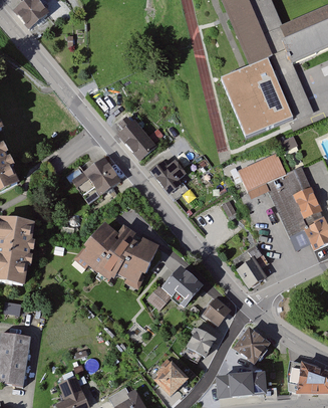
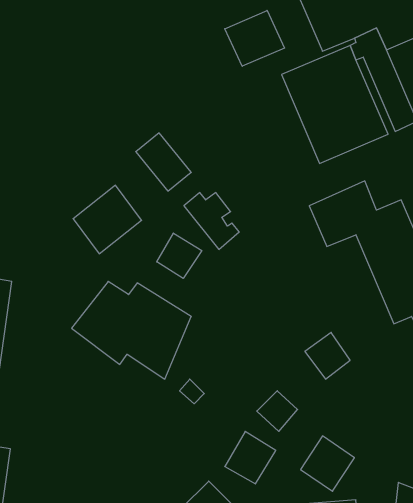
building: none -> [225,10,284,66]
building: none -> [157,233,202,278]
building: [161,265,202,305] -> none

